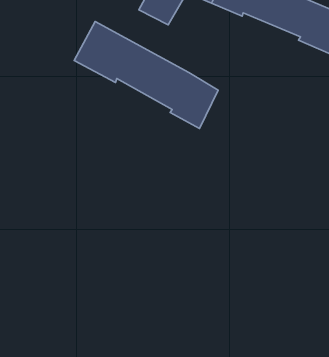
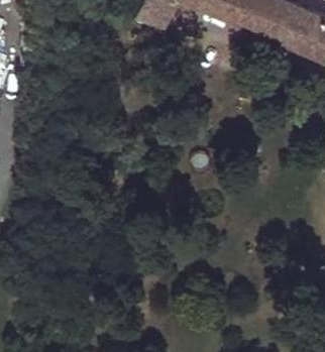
building: [74,22,218,128] -> none

